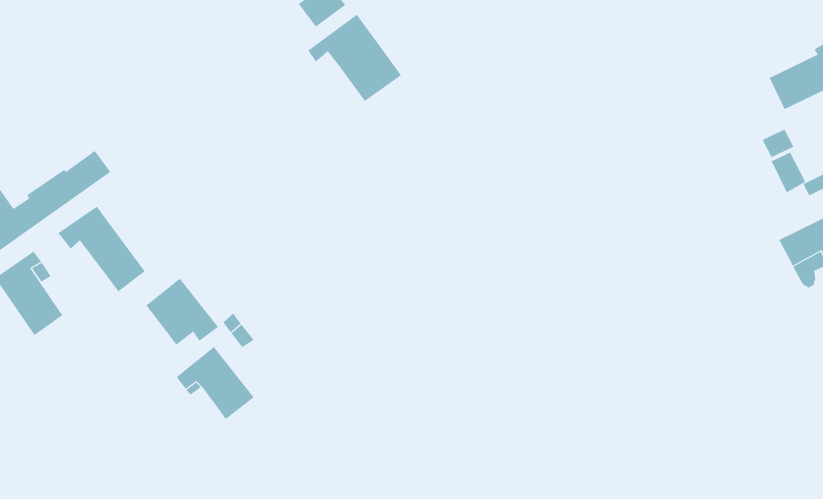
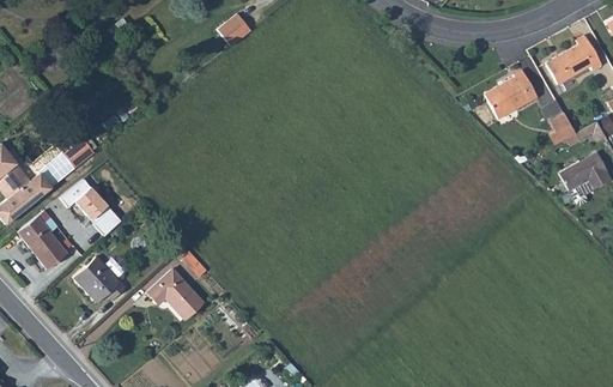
building: [308,14,402,102] -> none
building: none -> [482,71,536,117]
building: [146,278,219,345] -> [74,256,126,303]

